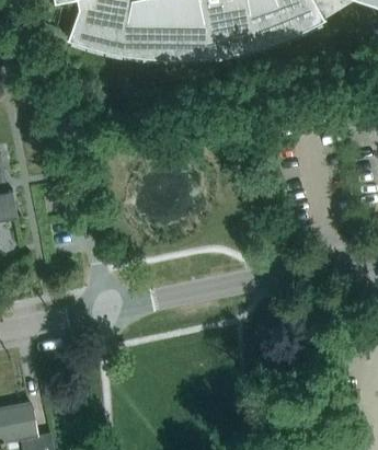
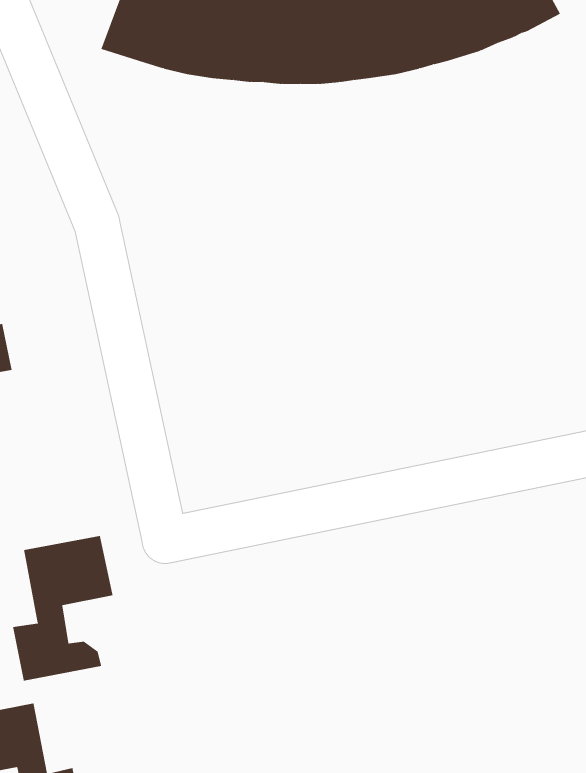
building: none -> [13,535,113,682]

